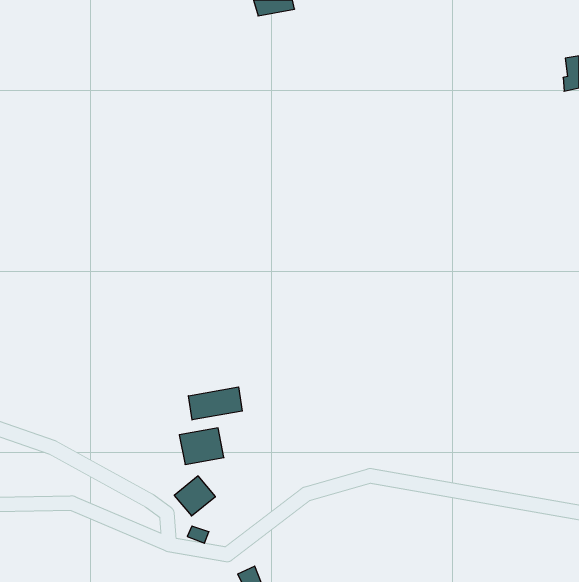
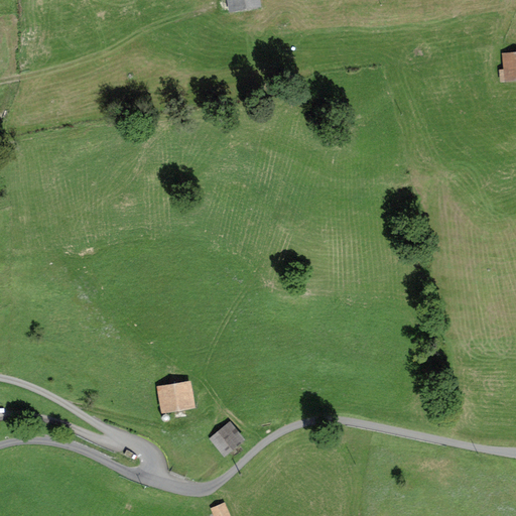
building: [188,387,242,420] -> none
building: [174,476,215,516] -> [210,420,246,456]

